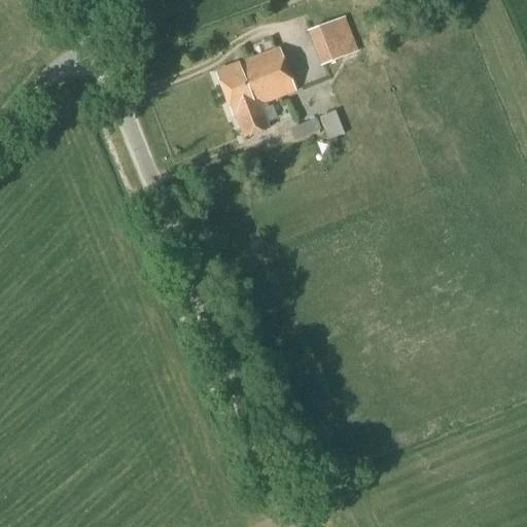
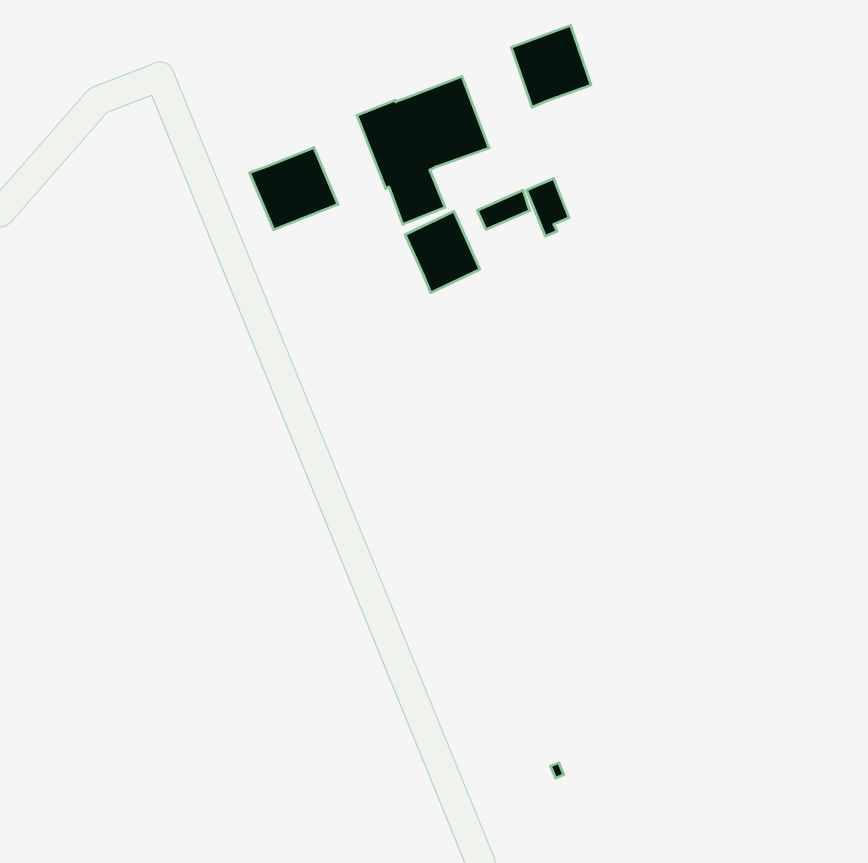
building: none -> [250,147,338,230]
building: none -> [405,211,480,293]

